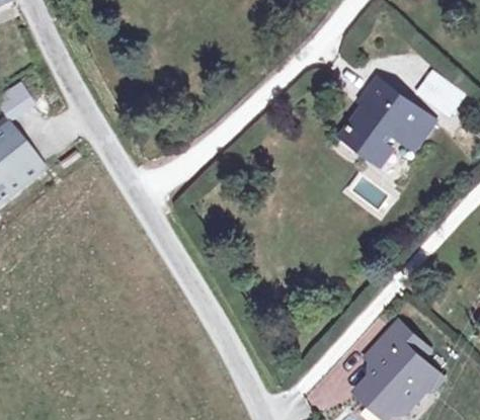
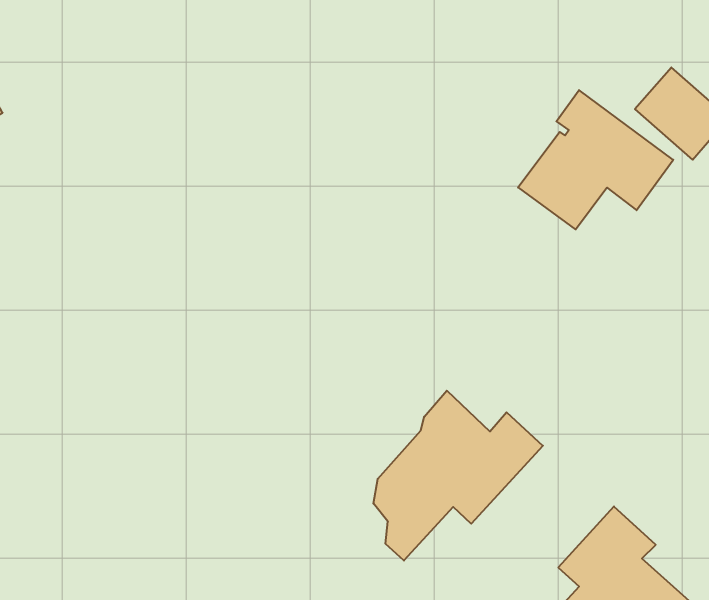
building: none -> [373,391,543,561]

